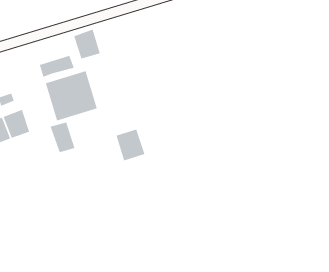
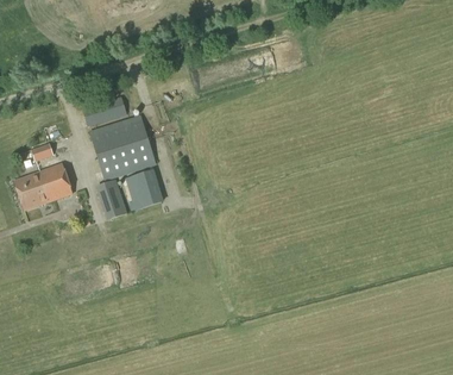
building: [73,29,101,60] -> none
building: [116,129,146,161] -> [125,169,162,210]

